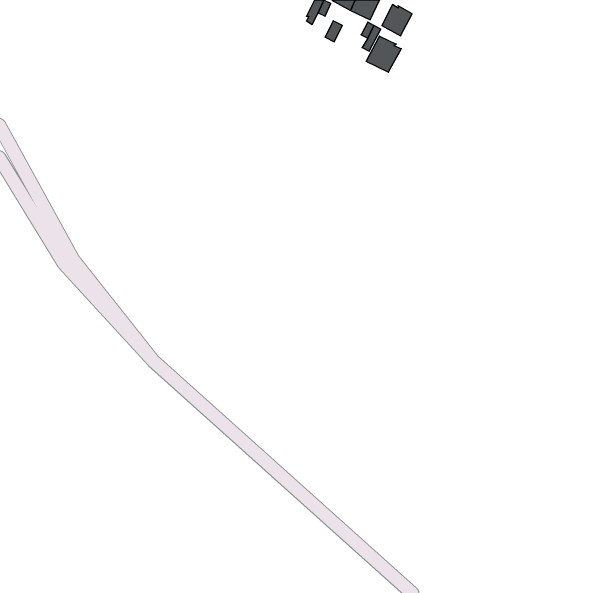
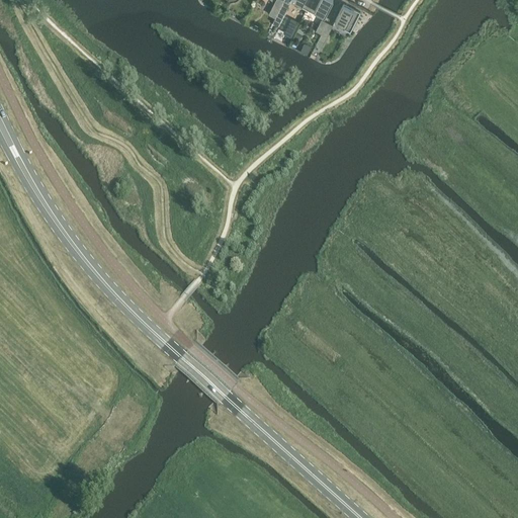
building: [366,36,401,72] -> none

